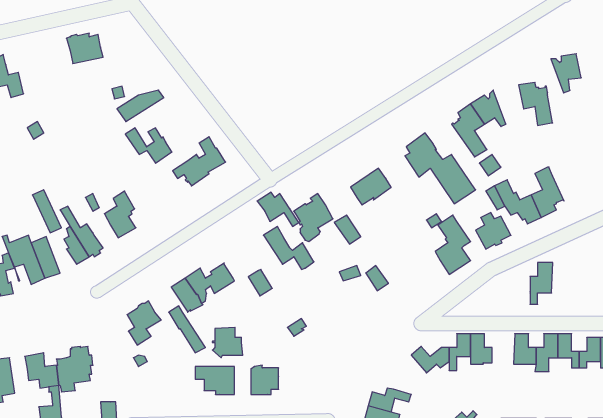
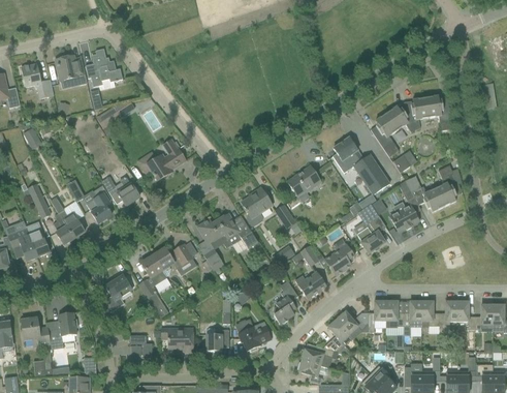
building: none -> [86,48,123,87]
building: none -> [22,63,55,98]
building: [551,54,581,93] -> [405,97,430,129]
building: [125,128,172,163] -> [101,176,139,205]
building: [257,192,299,226] -> [198,219,232,247]
building: none -> [325,238,354,275]
building: [530,263,553,304] -> [404,301,422,335]
building: none -> [295,271,326,298]
building: none -> [274,280,298,323]
building: [212,327,243,358] -> [128,334,153,359]
building: none -> [323,319,353,351]
building: none -> [239,324,272,351]

